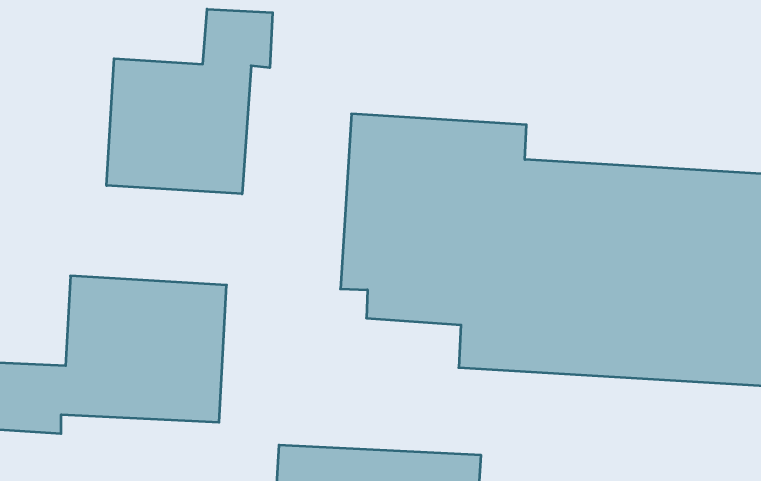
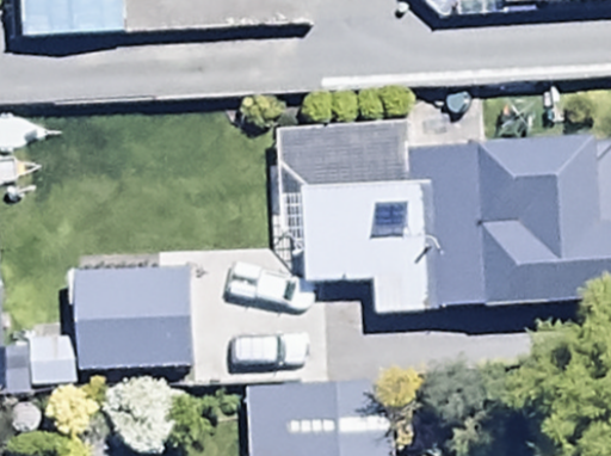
building: [107,9,273,194] -> none

